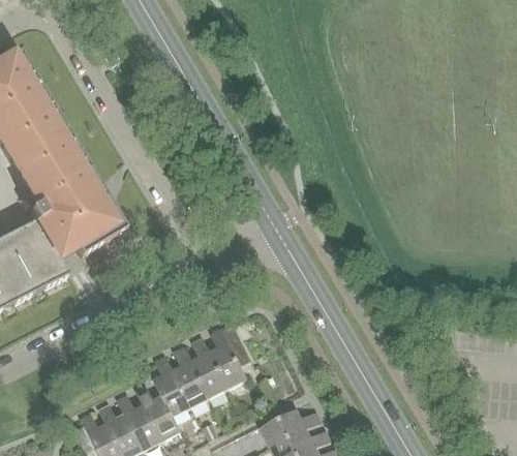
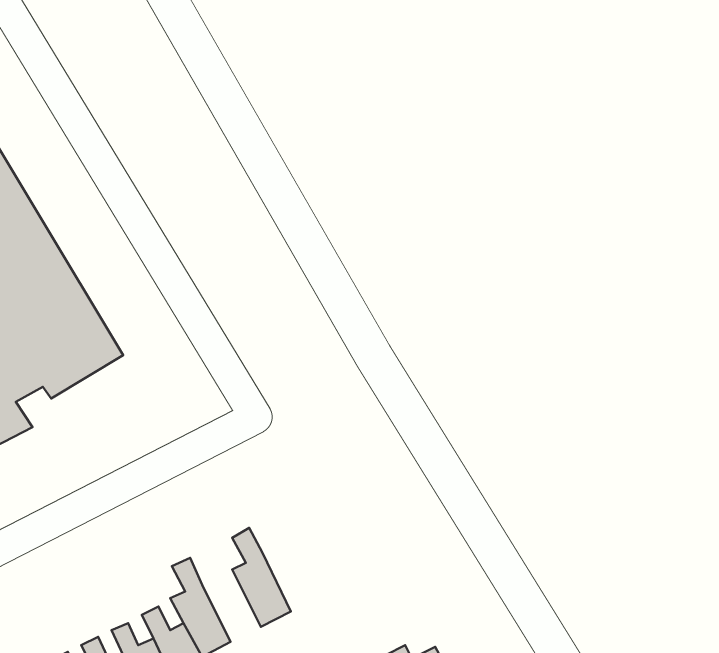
building: [210,322,250,388] -> none
building: [173,346,209,406] -> none

